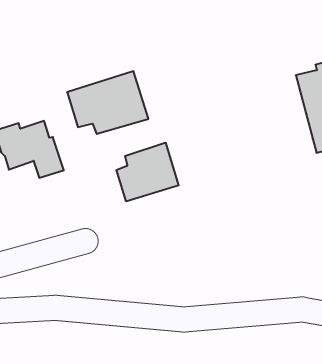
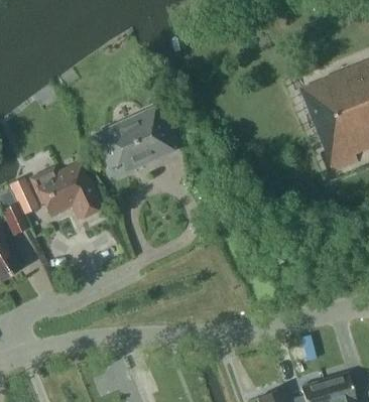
building: [116,143,179,201] -> none

